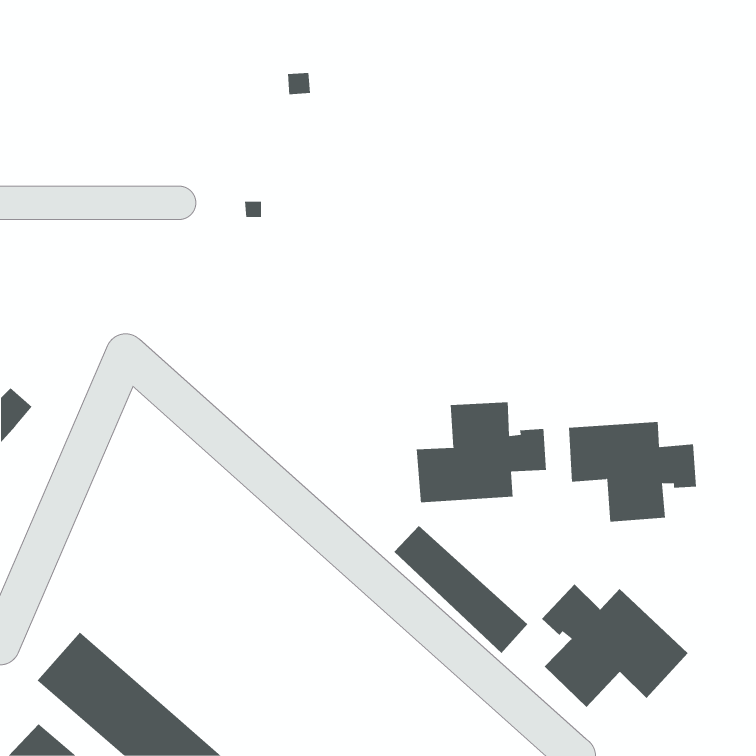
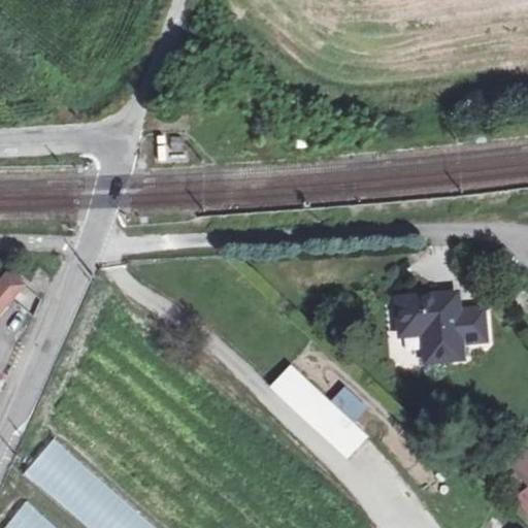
building: [416,402,547,503] -> none
building: [541,584,689,708] -> none

